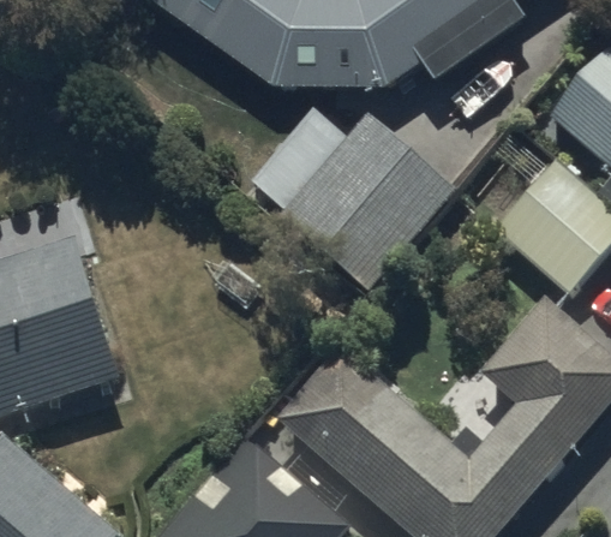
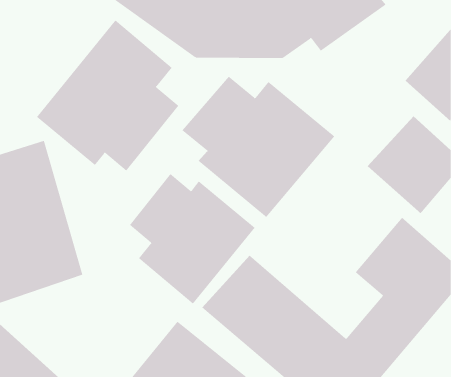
building: none -> [36,20,179,172]
building: none -> [129,173,255,304]

